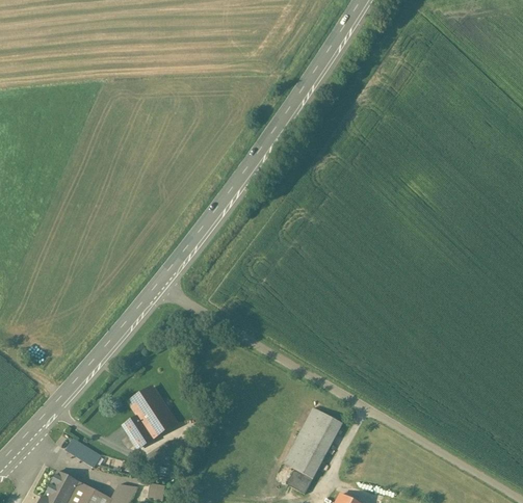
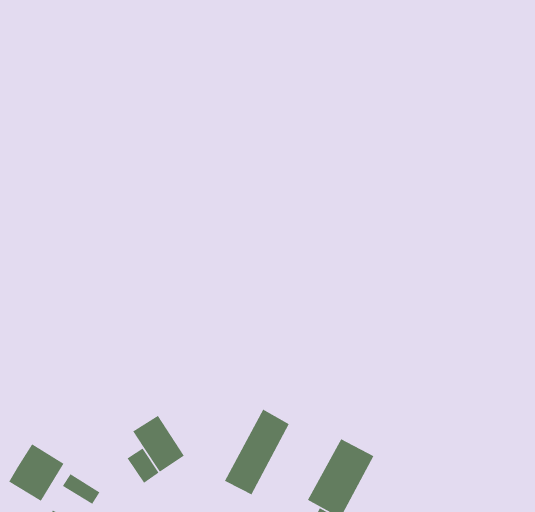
building: none -> [224,409,290,496]
building: none -> [8,444,65,502]

